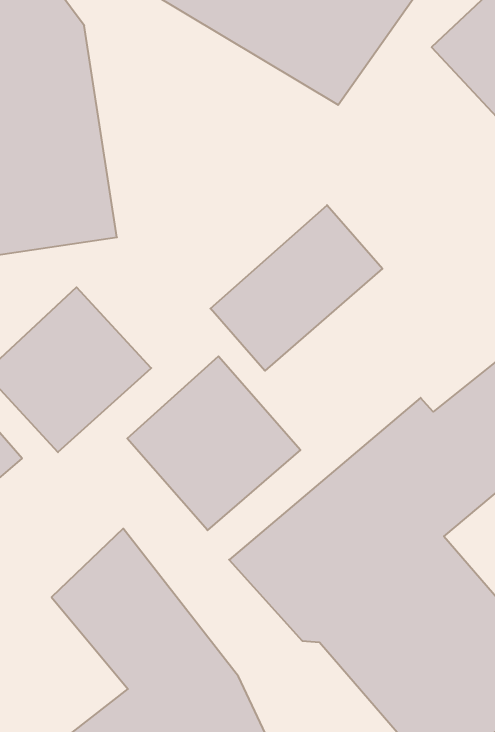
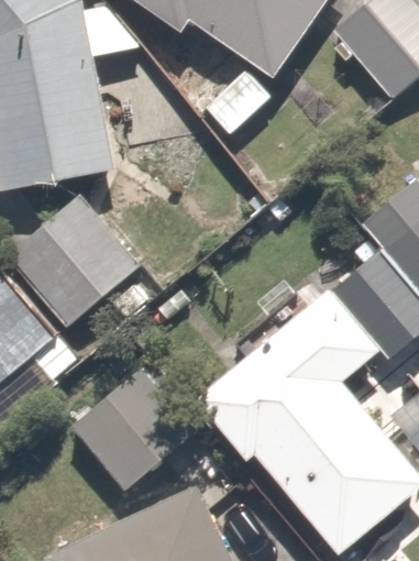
building: [210,205,382,371] -> none
building: [127,356,300,530] -> none

